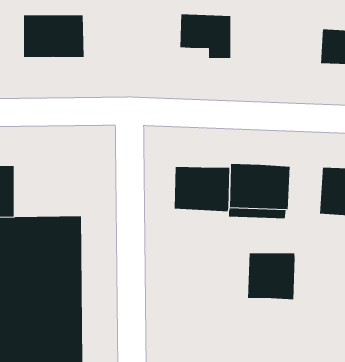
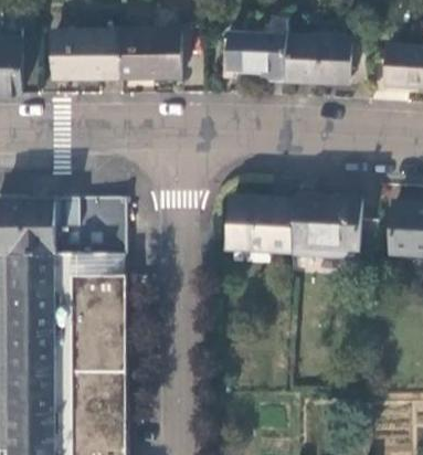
building: none -> [125,31,183,78]
building: none -> [289,35,355,81]
building: none -> [47,199,123,256]
building: [248,253,295,300] -> none

